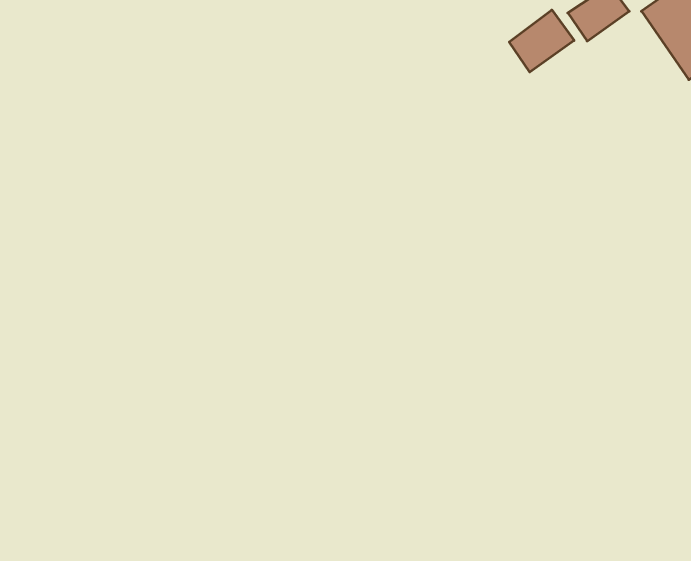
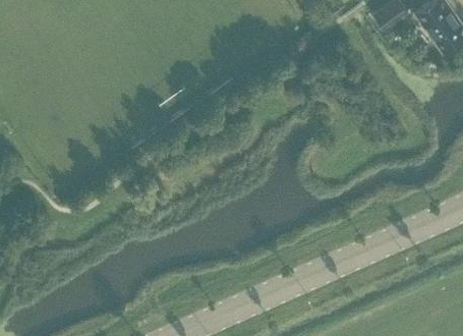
building: [509,10,574,72] -> none

